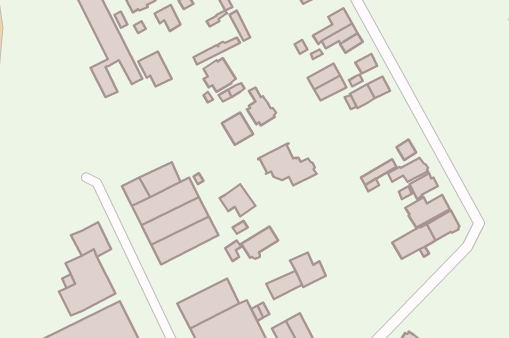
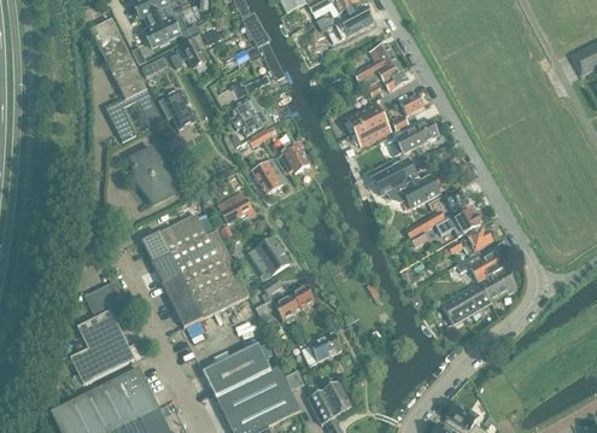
building: none -> [135,153,166,198]
building: none -> [217,192,253,222]
building: [258,143,317,186] -> [373,160,438,207]
building: [290,252,326,287] -> none

